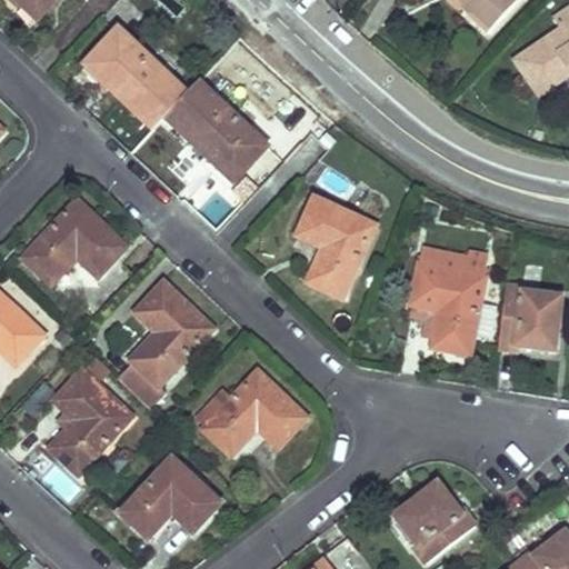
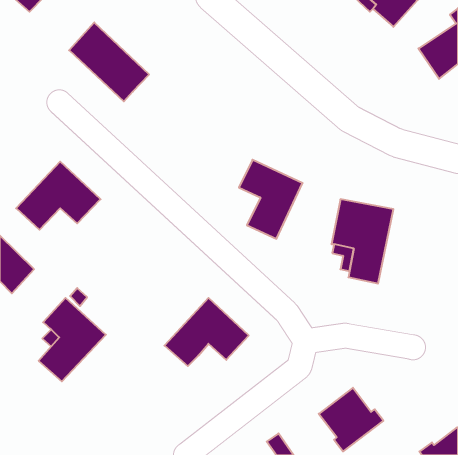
building: [164,79,266,179] -> none
building: [118,281,211,408] -> none
building: [496,281,559,347] -> none
building: [121,457,221,539] -> none

